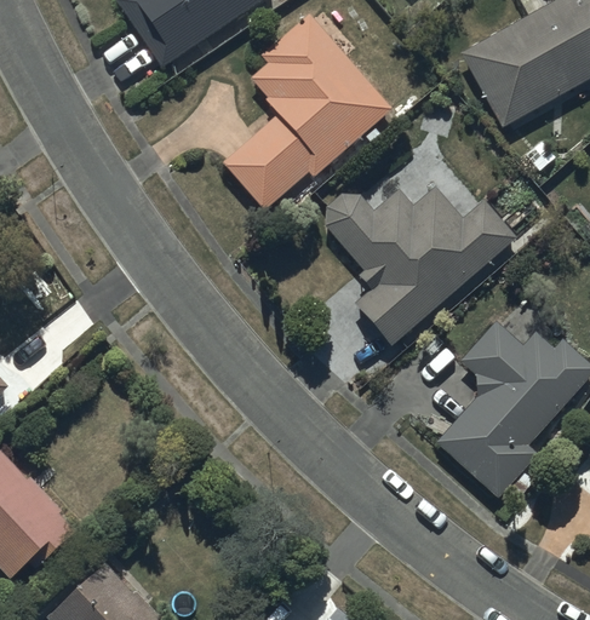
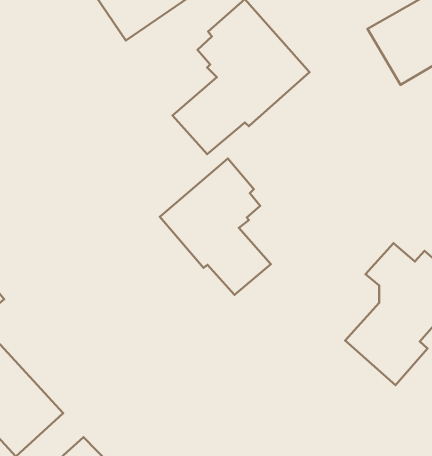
building: [326,185,517,345] -> none
building: none -> [160,158,271,295]

